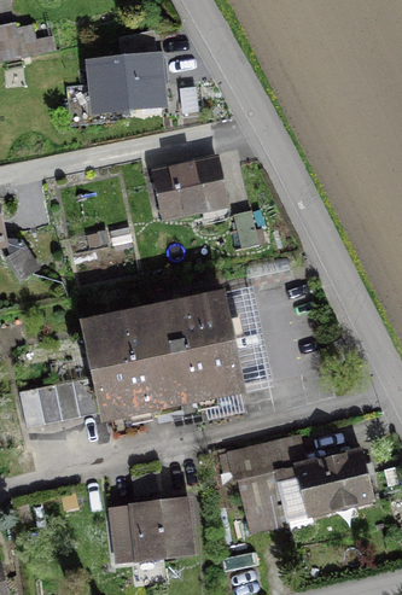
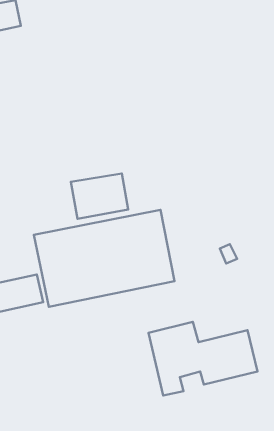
building: [81,53,163,116] -> none
building: [156,164,231,223] -> [71,174,128,219]
building: [104,497,188,560] -> none

